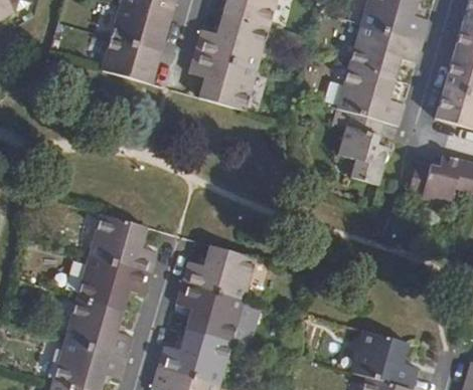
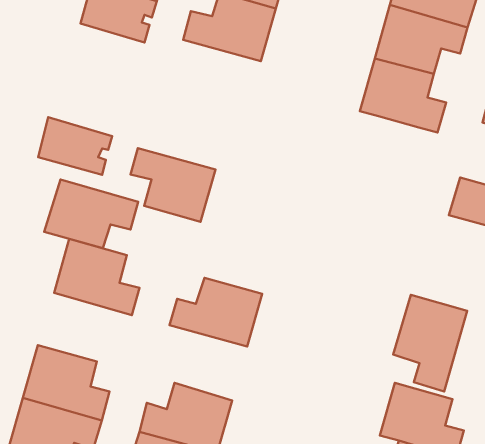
building: [102,39,161,85] -> [38,117,112,175]
building: [186,52,255,112] -> [130,148,216,222]
building: [337,114,387,184] -> none
building: [75,255,151,311] -> [44,179,138,248]
building: none -> [393,295,467,391]
building: [174,281,244,342] -> none

